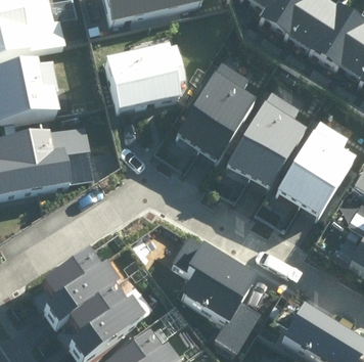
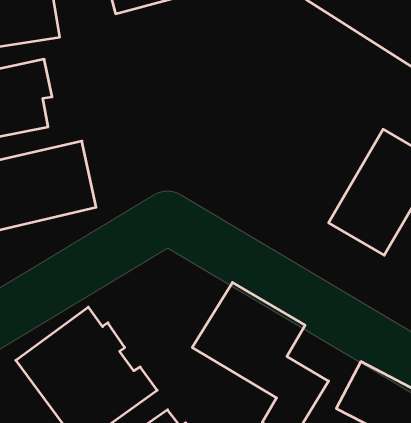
building: [105,44,187,111] -> none
building: [176,58,256,157] -> none
building: [225,90,312,187] -> none

